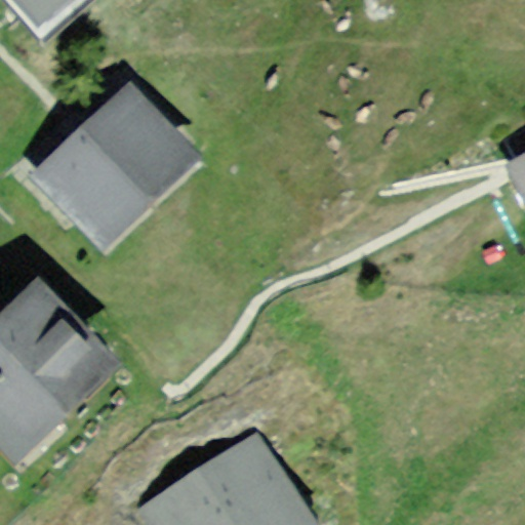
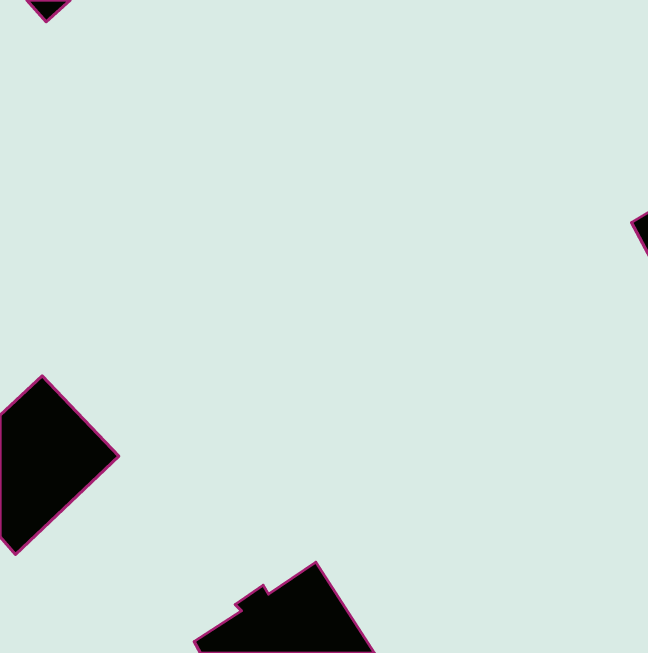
building: [49,99,184,233] -> none

